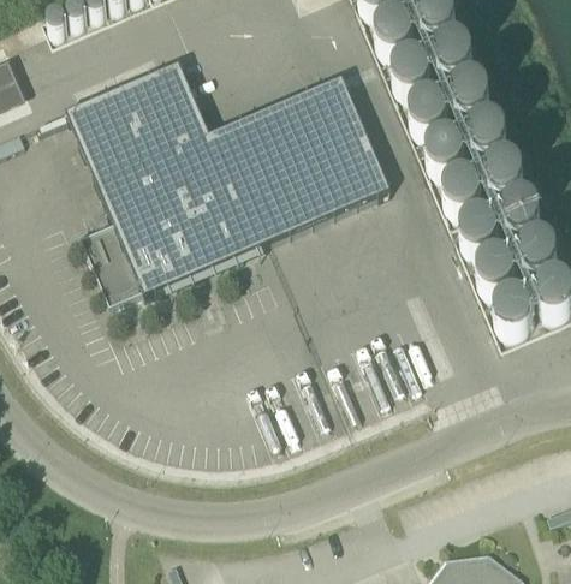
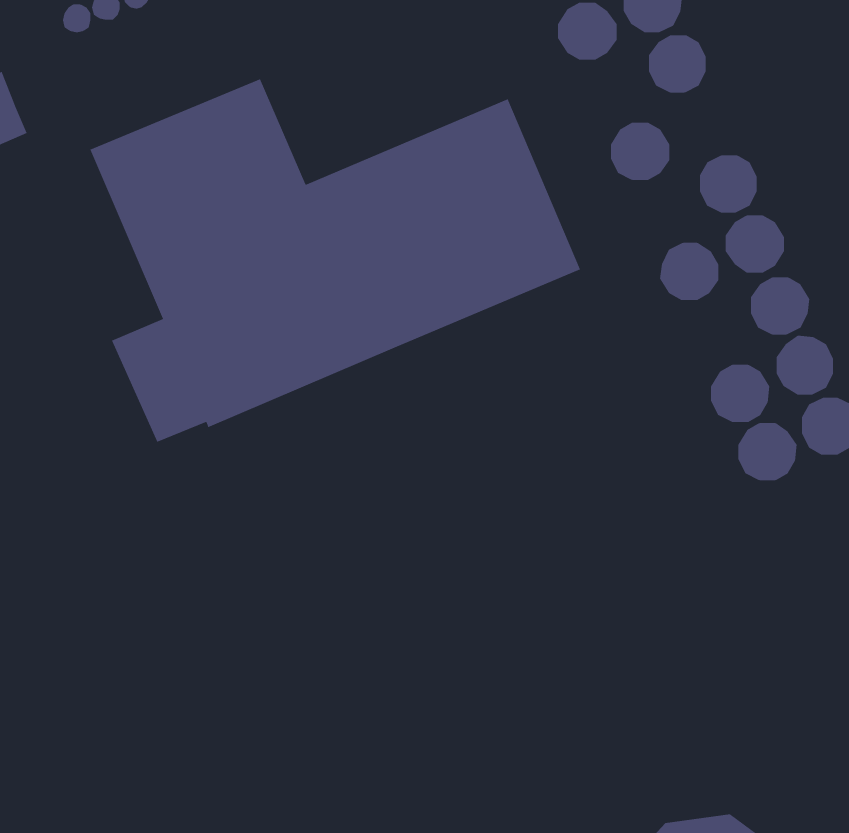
building: [391,50,430,90] -> none
building: [452,72,490,111] -> none
building: [424,130,463,168] -> none
building: [458,210,498,250] -> none

